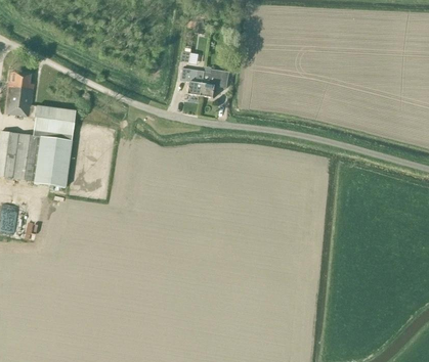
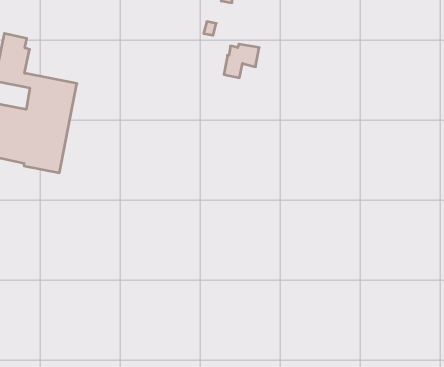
building: [181,67,205,95] -> none

